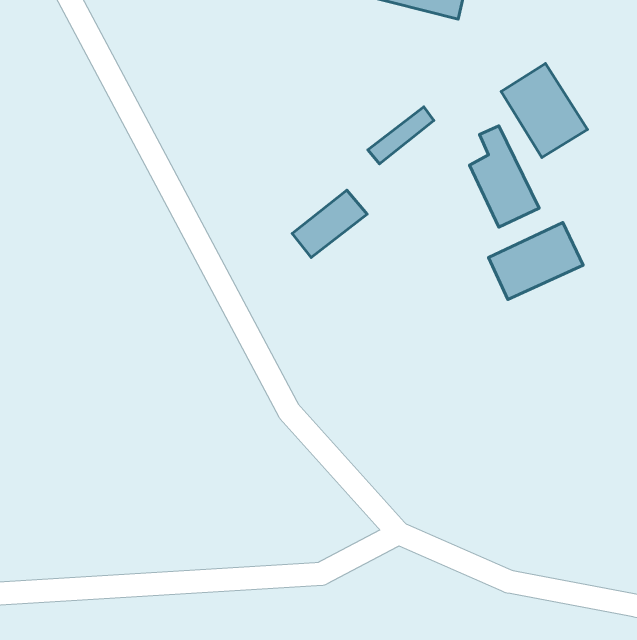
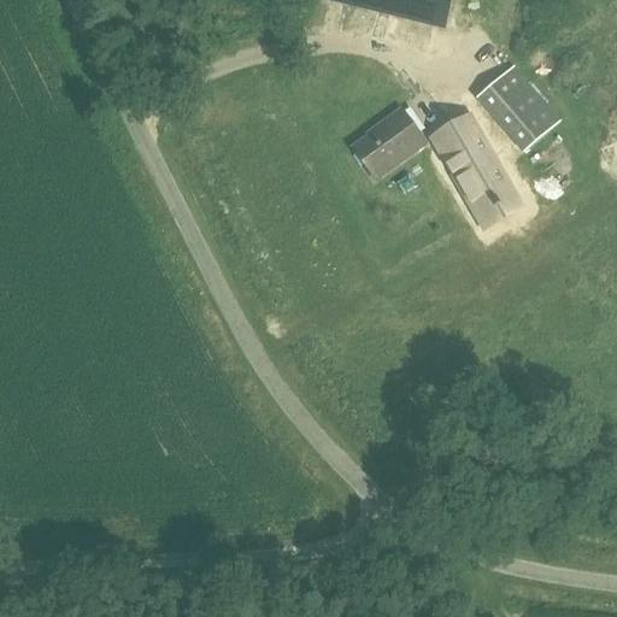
building: [292,190,367,258] -> [360,117,431,181]
building: [489,223,583,299] -> none

